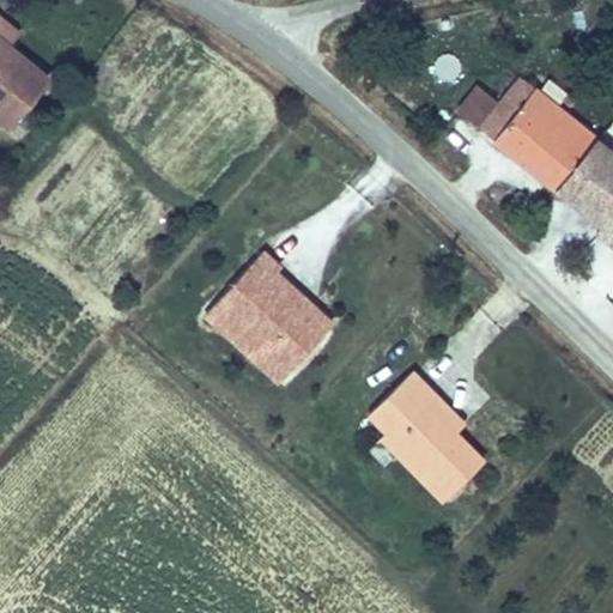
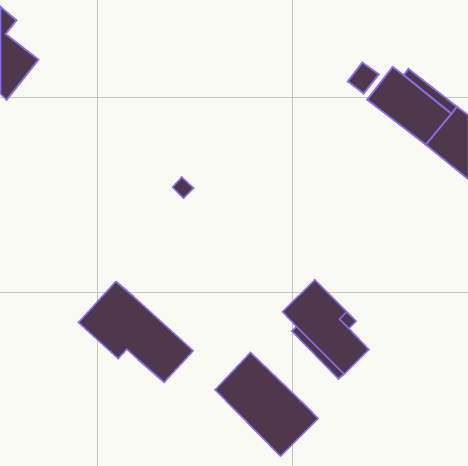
building: [202,247,335,382] -> none
building: none -> [78,282,193,382]
building: none -> [215,352,318,456]

